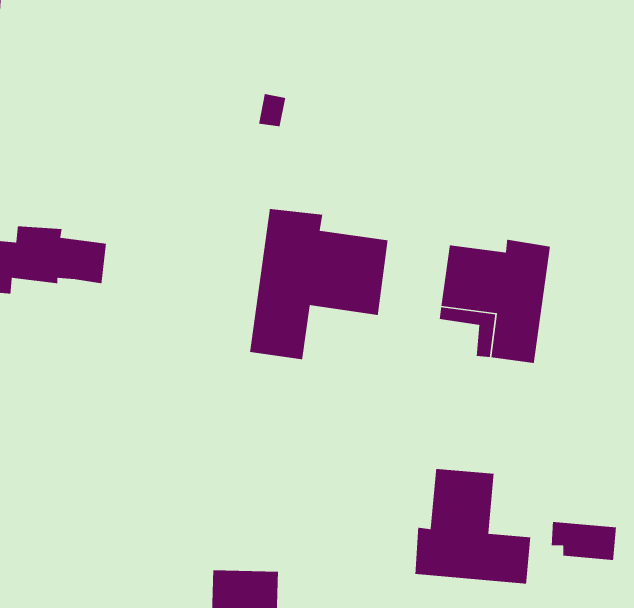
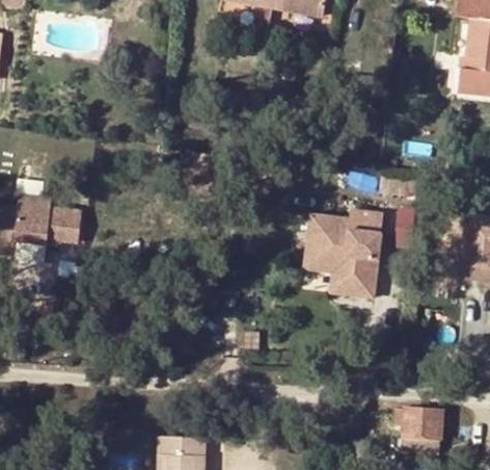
building: [249,208,388,360] -> none
building: [414,468,531,584] -> none

